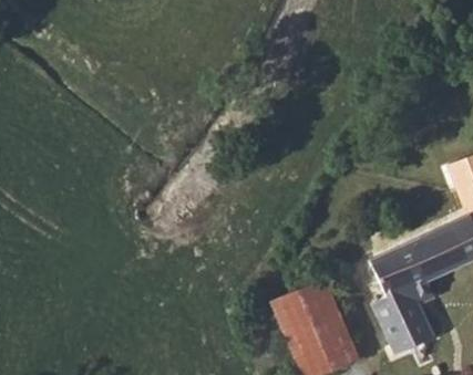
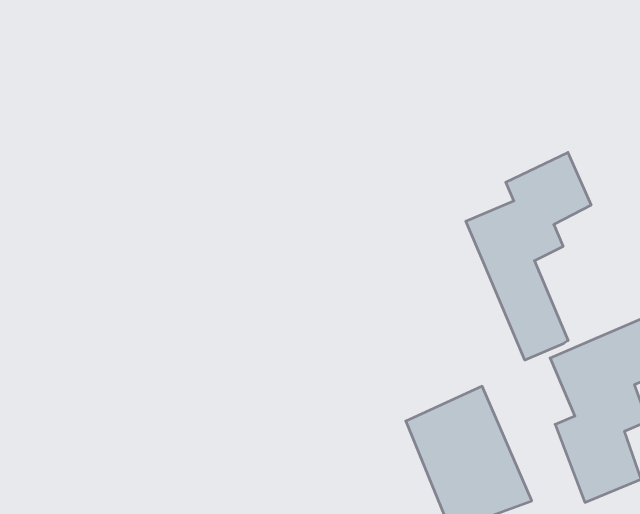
building: none -> [466,152,591,360]

